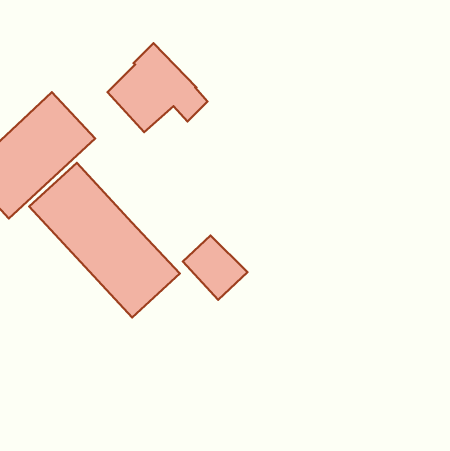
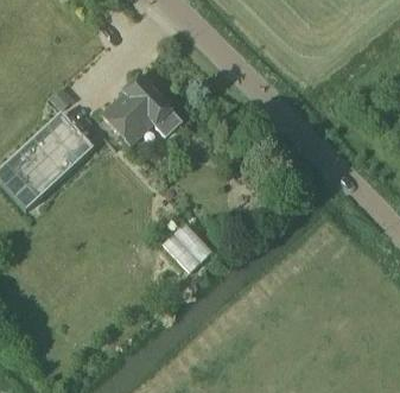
building: [29,163,180,317] -> none

